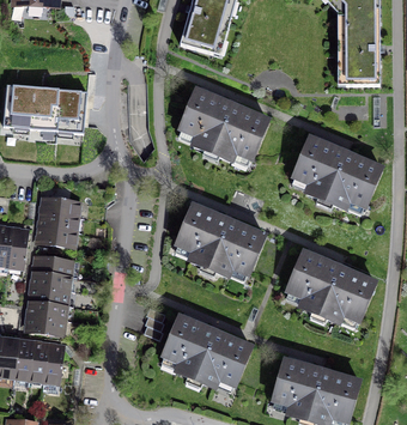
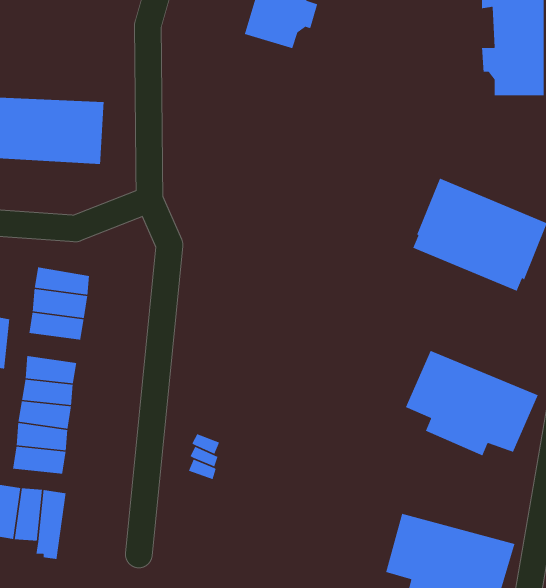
building: [180,90,268,164] -> none
building: [177,205,265,275] -> none
building: [162,316,251,387] -> none

